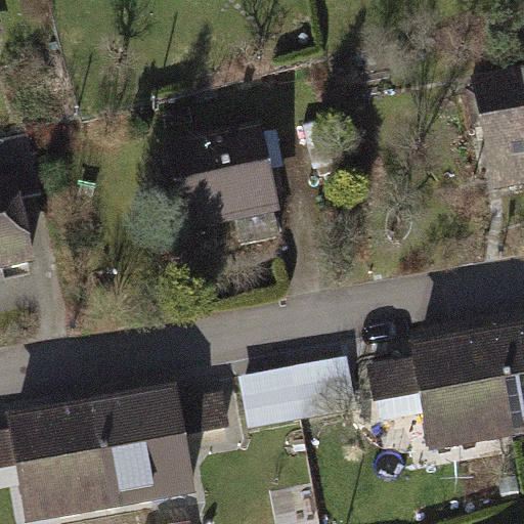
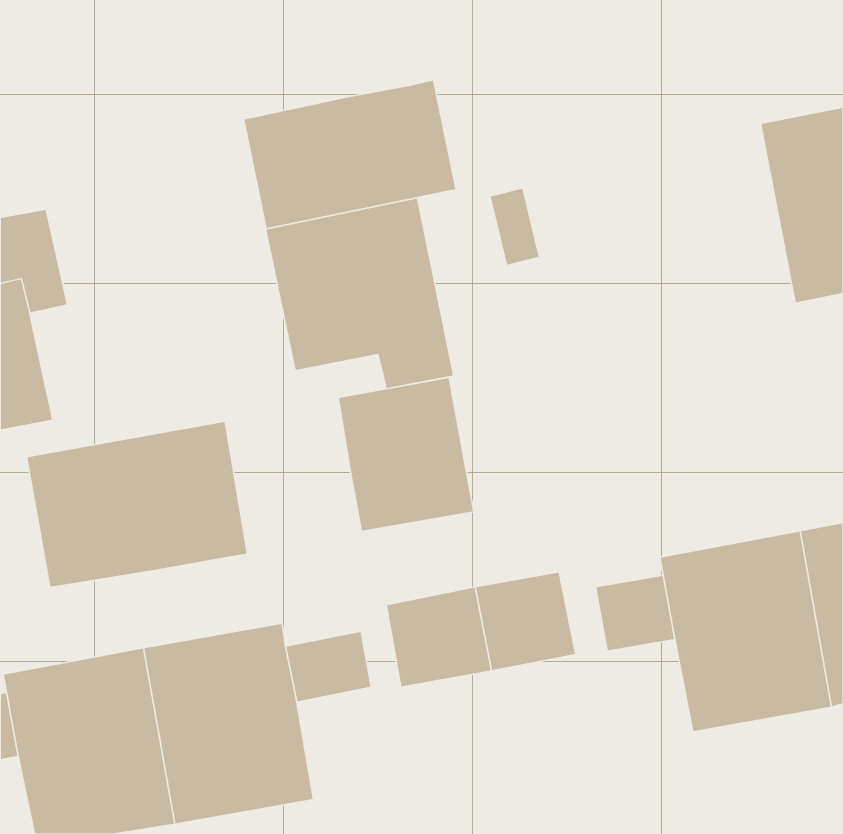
building: none -> [243,80,456,229]
building: none -> [338,377,474,531]
building: none -> [27,421,247,588]

